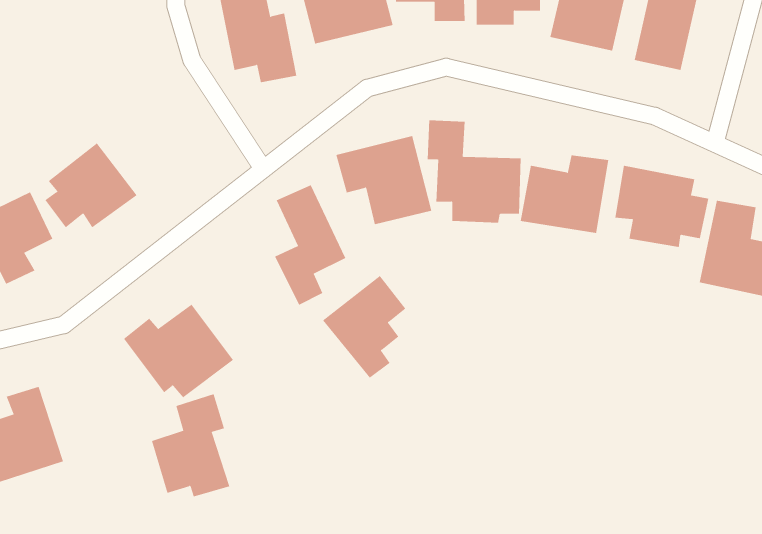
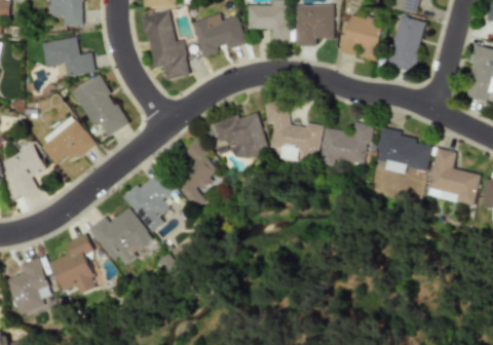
building: none -> [41,36,96,78]
building: none -> [72,74,128,135]
building: [322,275,406,378] -> [123,171,173,232]
building: [151,394,230,497] -> [50,233,97,294]

